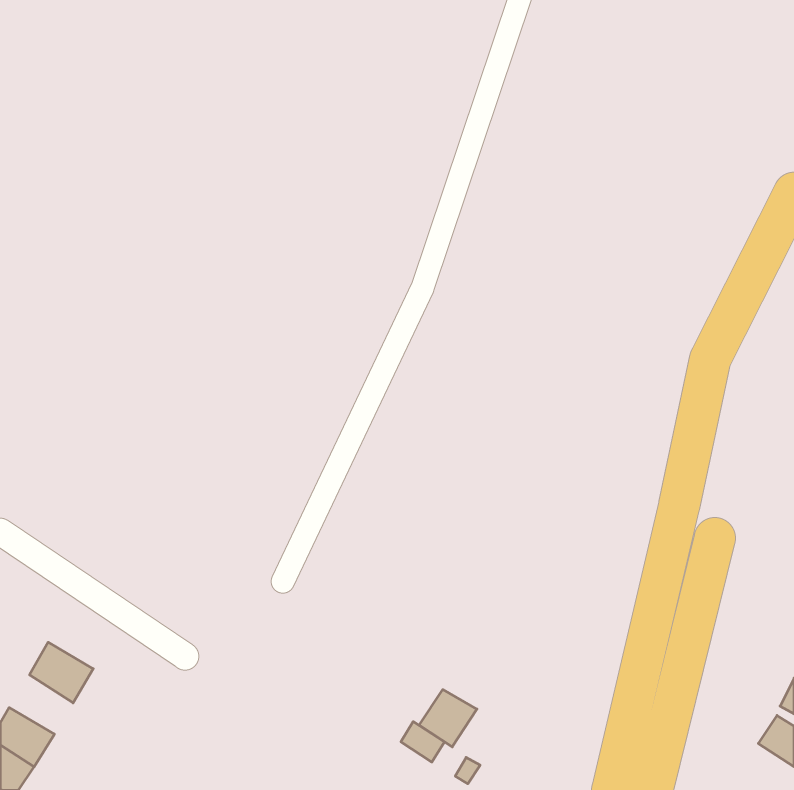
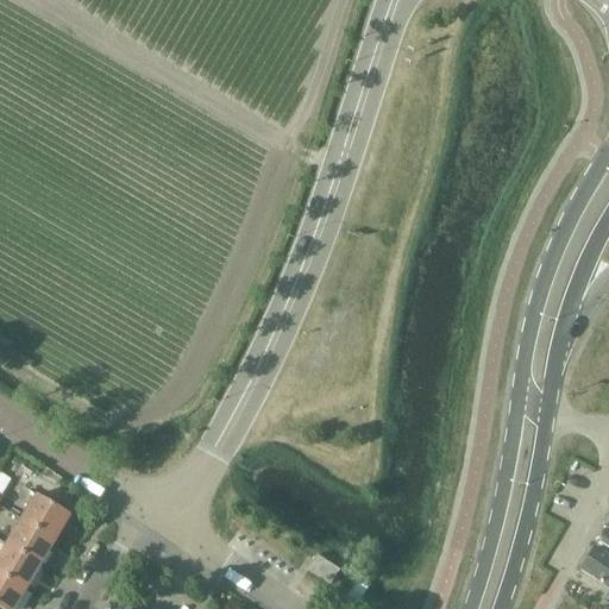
building: none -> [7,516,56,561]
building: [419,690,477,747] -> none

